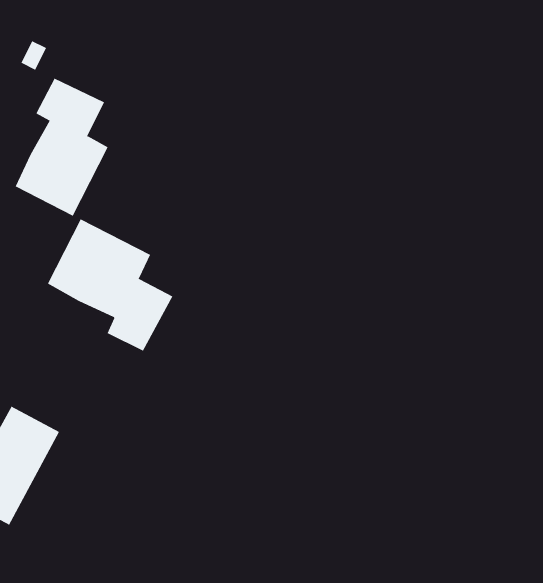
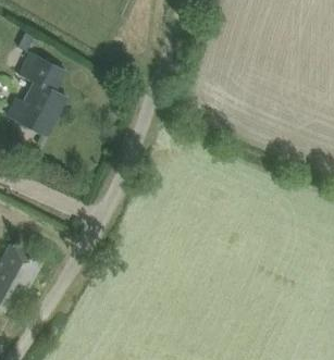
building: [47,218,173,352] -> none

